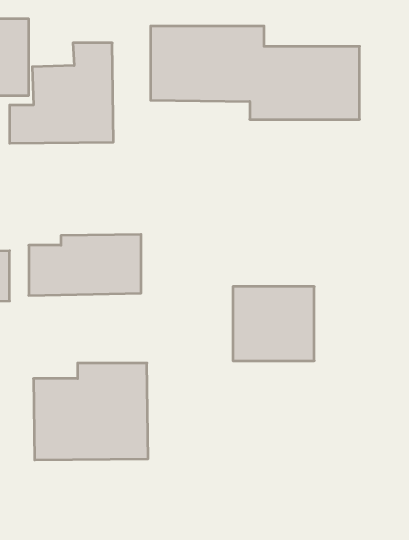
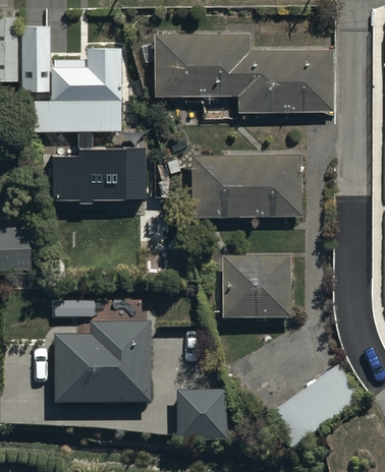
building: none -> [190,152,300,215]
building: [29,234,141,295] -> [51,153,147,204]
building: none -> [176,389,225,439]

